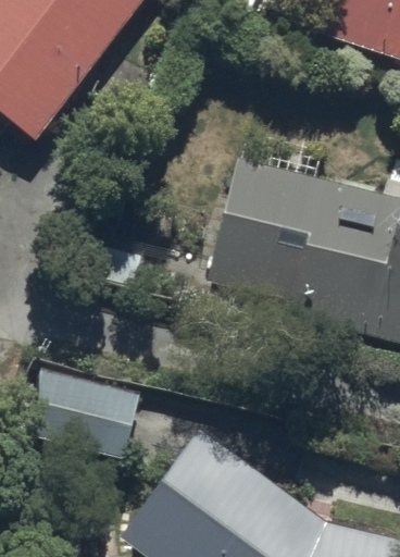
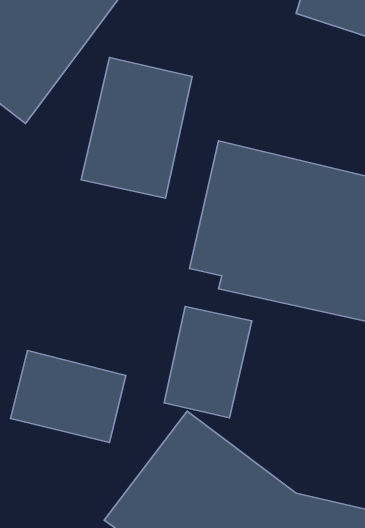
building: none -> [81,58,192,198]
building: none -> [164,306,252,418]

